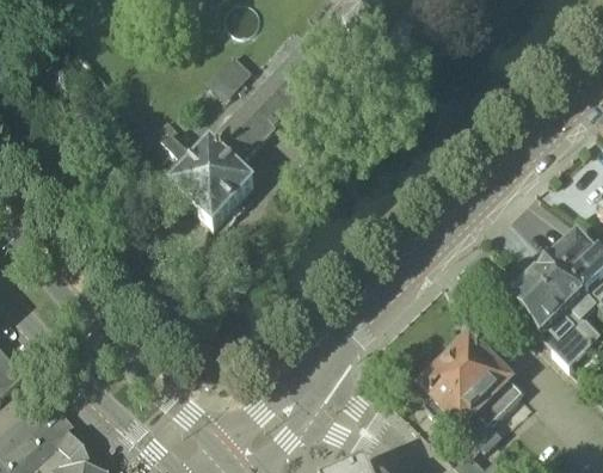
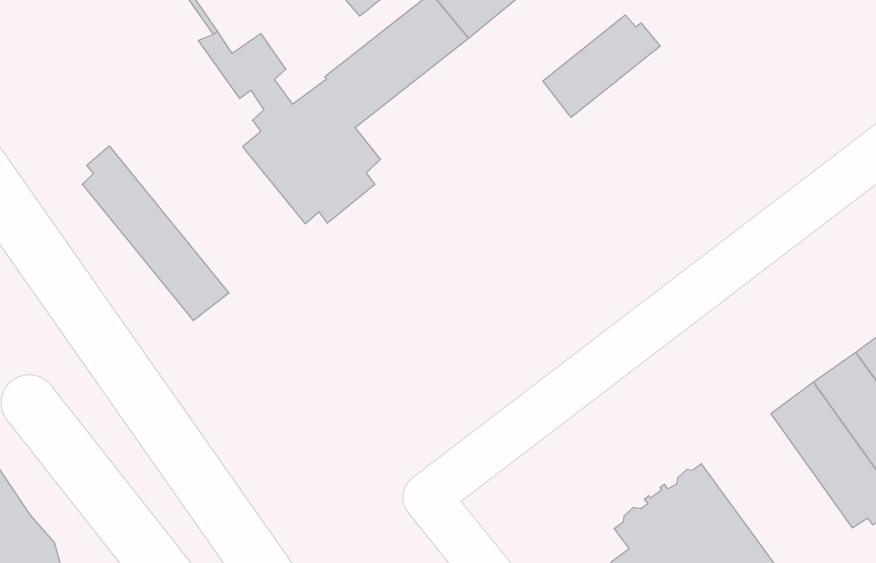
building: none -> [543,15,660,117]
building: none -> [82,146,229,321]

